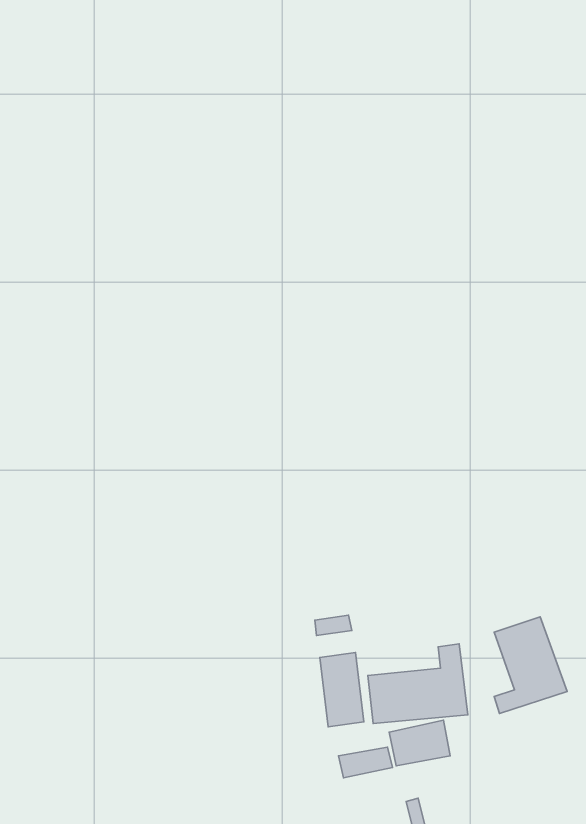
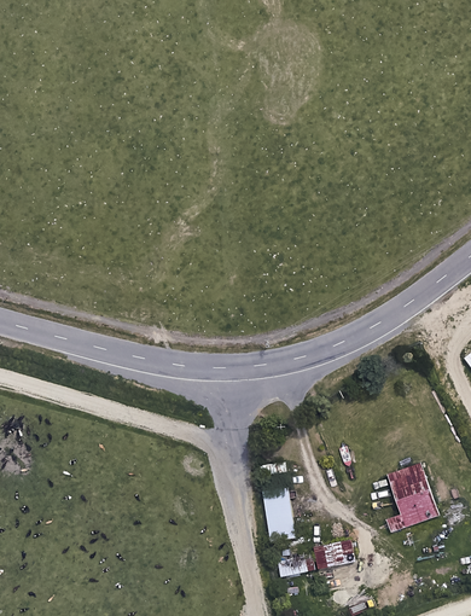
building: [368,644,468,723] -> none

